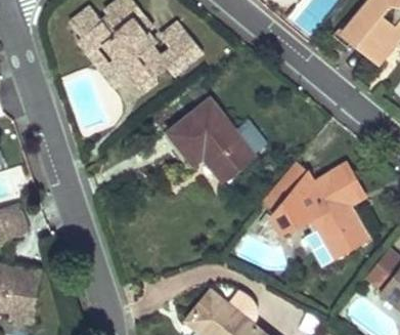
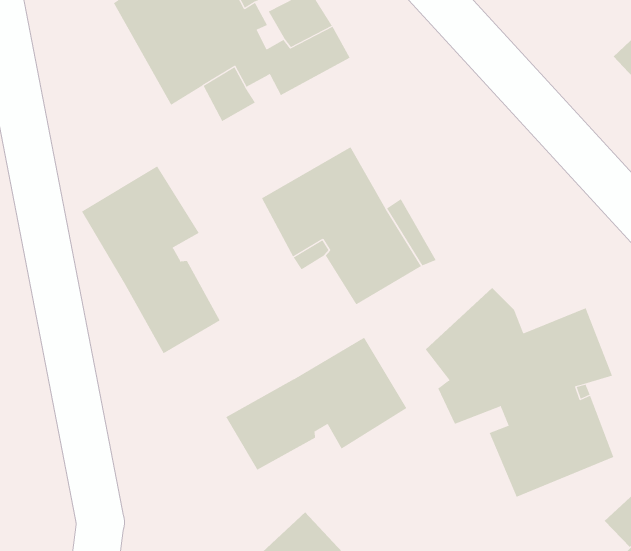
building: none -> [81,165,221,354]
building: none -> [226,337,407,471]

